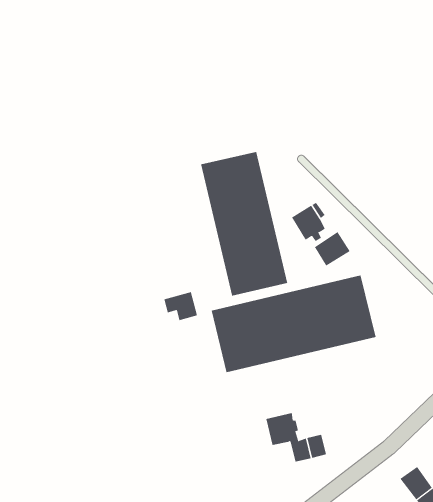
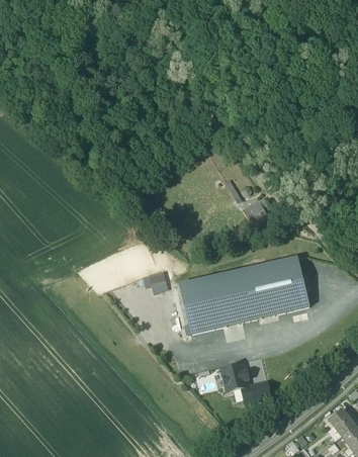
building: [200,151,288,296] -> none
building: [314,231,351,266] -> none

